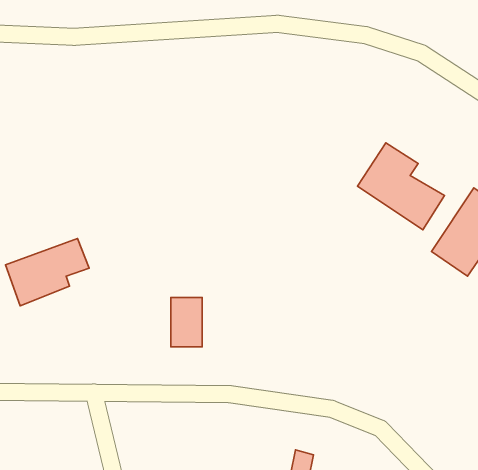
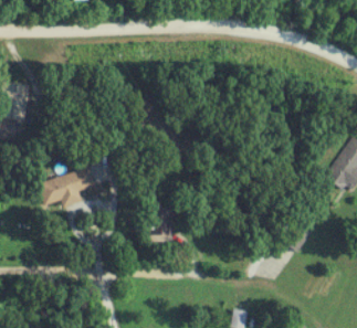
building: [357,143,444,230] -> none

